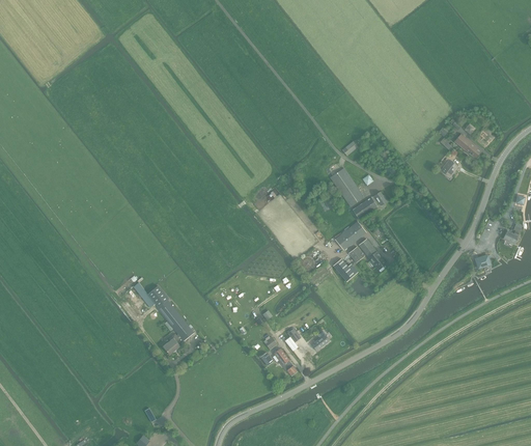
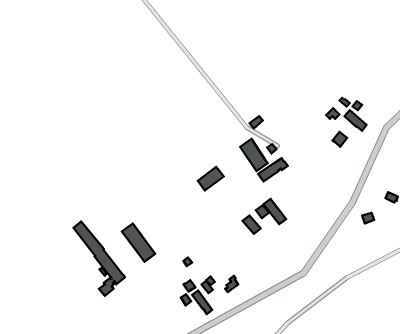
building: [335,221,366,249] -> [198,167,224,191]
building: none -> [122,224,155,262]

